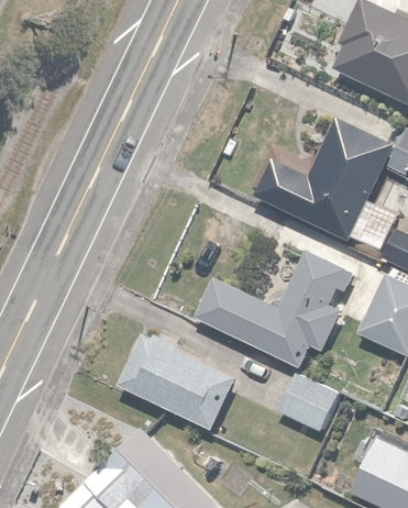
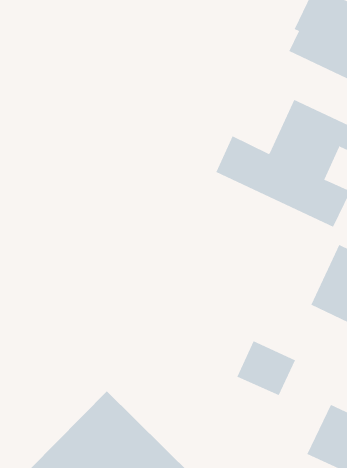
building: [195,251,356,368] -> none
building: [118,330,238,439] -> none

